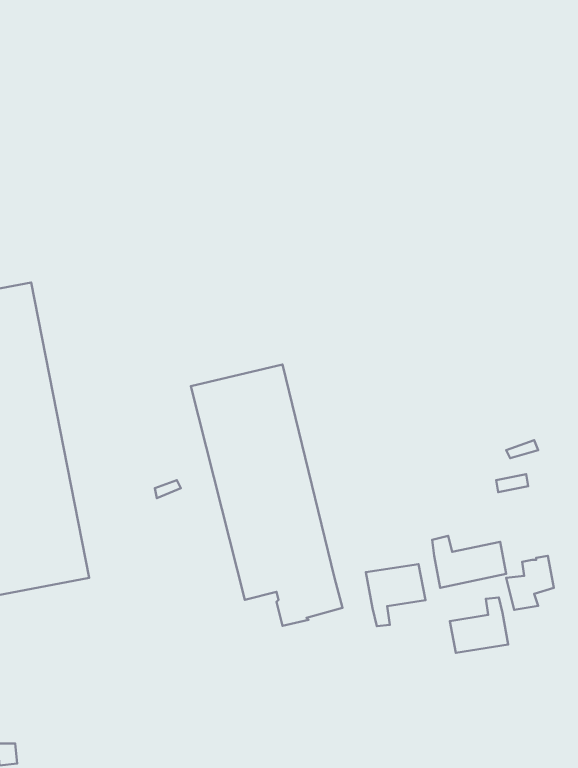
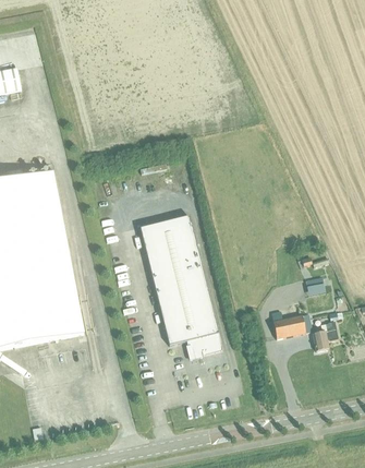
building: [366,564,425,626] -> none
building: [450,597,508,653] -> none

